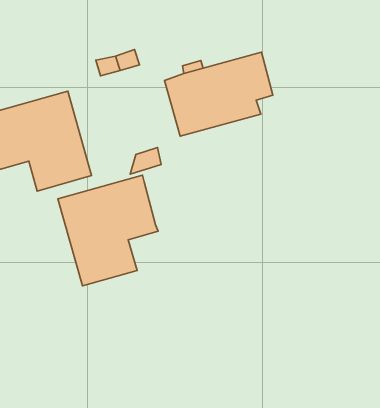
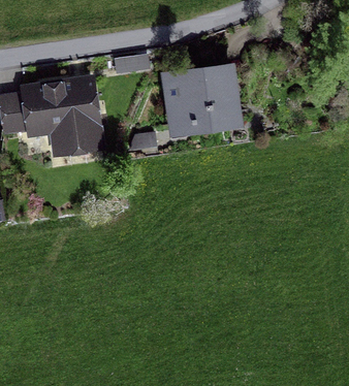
building: [58,175,158,286] -> none

